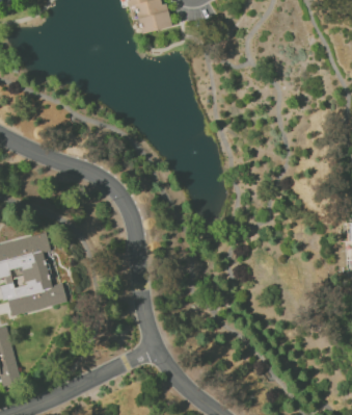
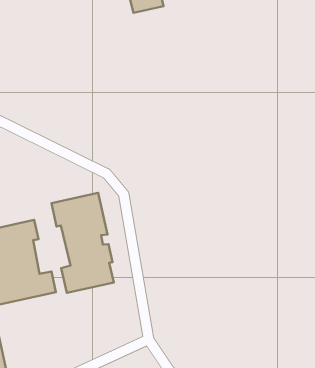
building: none -> [51,193,114,293]

